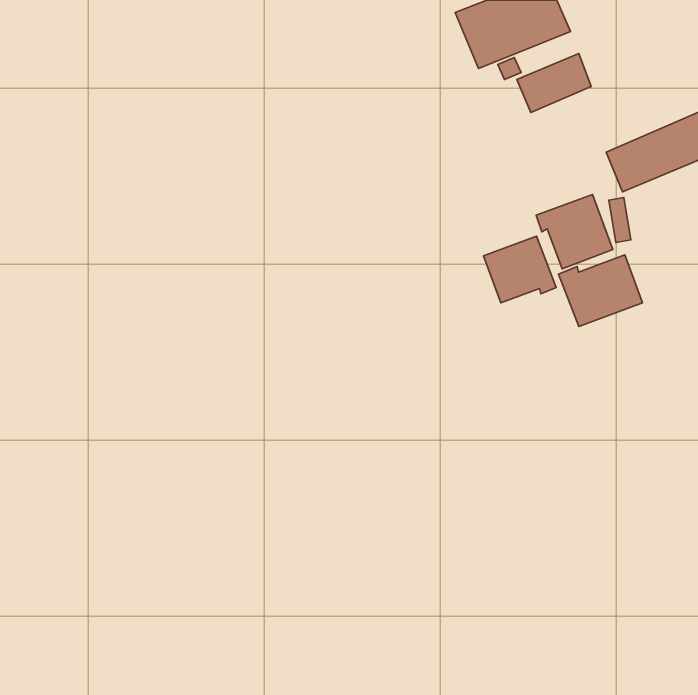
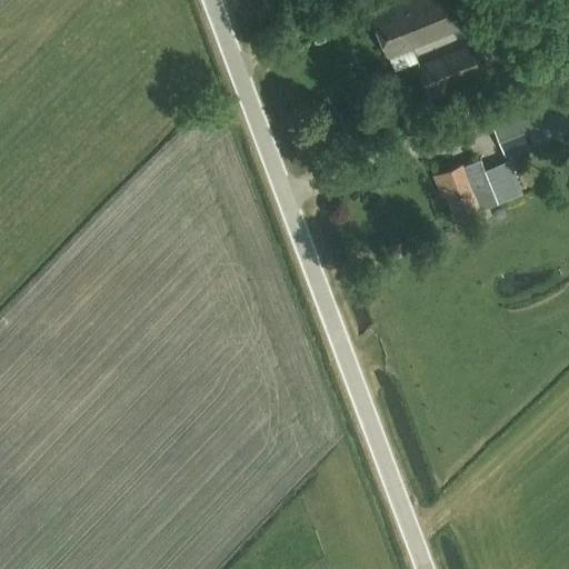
building: [483,236,556,303] -> none
building: [558,255,642,327] -> none

